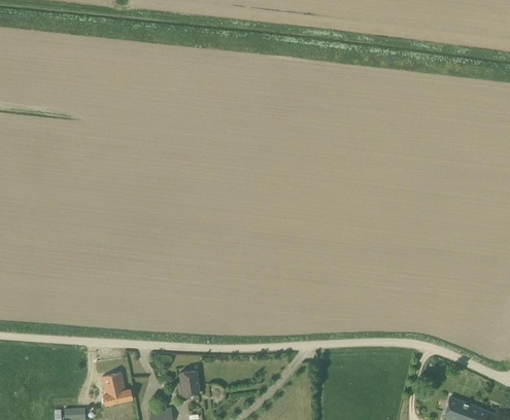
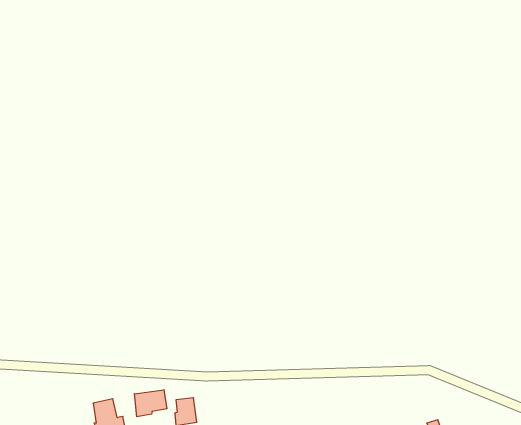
building: none -> [134,390,167,417]

